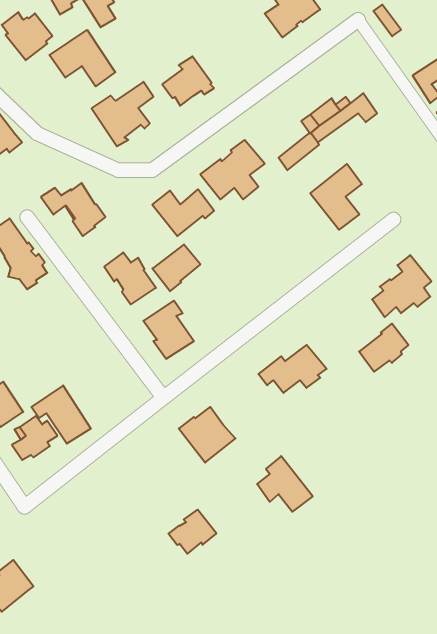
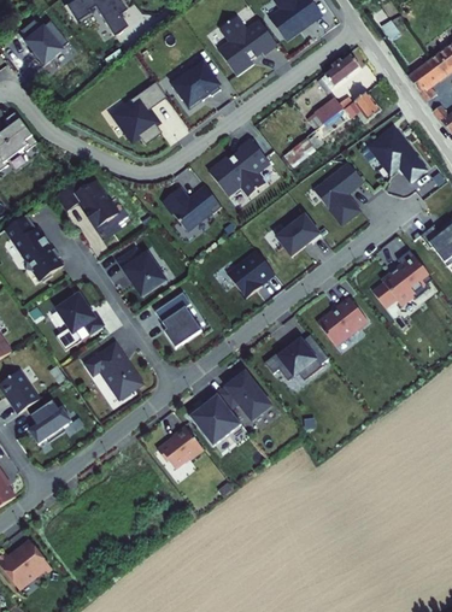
building: none -> [219,17,278,75]
building: [49,30,115,86] -> none
building: none -> [321,58,358,93]
building: none -> [369,128,428,182]
building: none -> [277,214,322,257]
building: [152,244,200,291] -> [228,252,274,296]
building: none -> [57,294,104,334]
building: [359,324,408,372] -> [318,296,365,342]
building: [31,385,91,444] -> [86,342,142,398]
building: [257,456,313,512] -> [218,366,271,419]
building: [168,510,216,554] -> [158,425,204,467]

